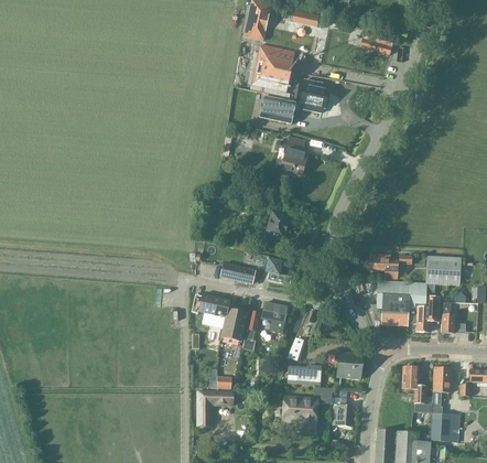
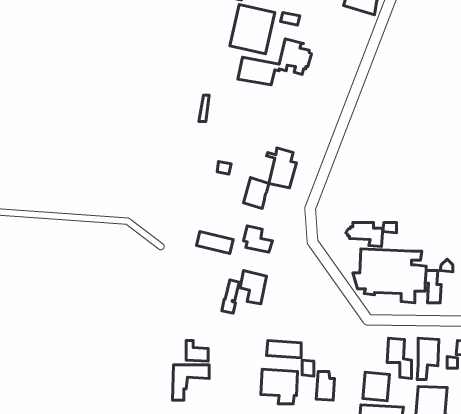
building: [280,137,309,175] -> [267,148,297,188]
building: [426,255,462,283] -> none
building: [192,293,248,341] -> none
building: [337,351,362,378] -> [363,372,389,401]

